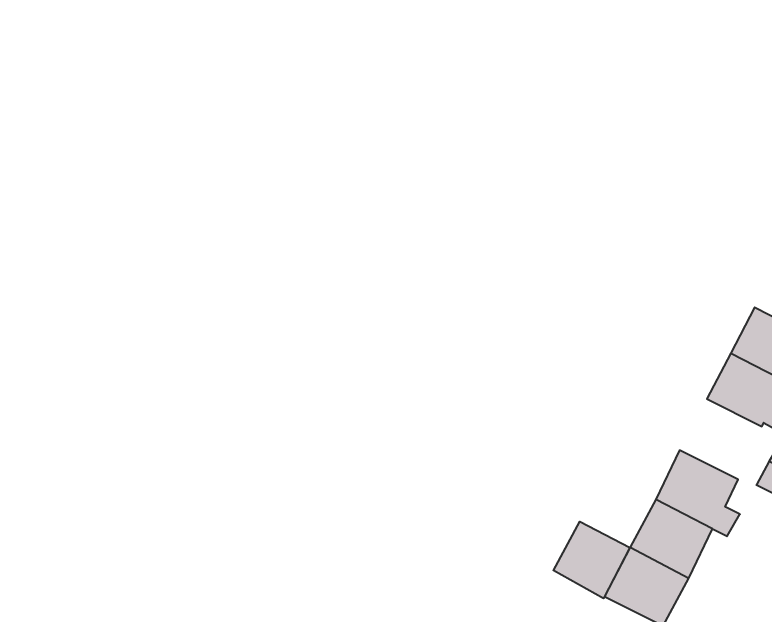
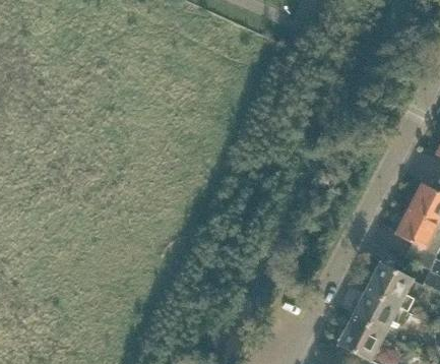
building: [553,522,630,598] -> none

